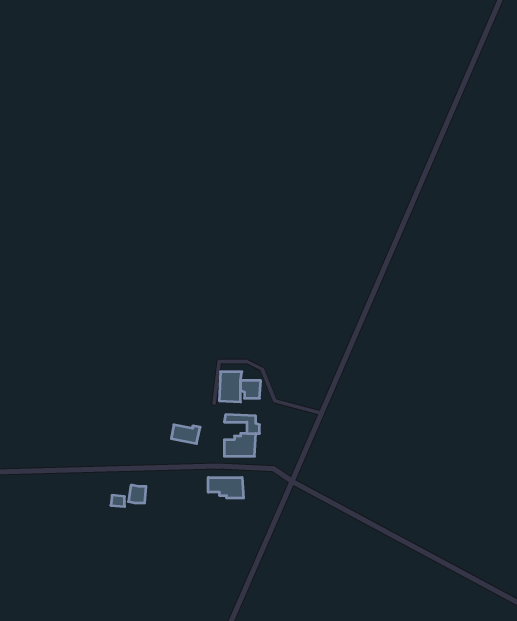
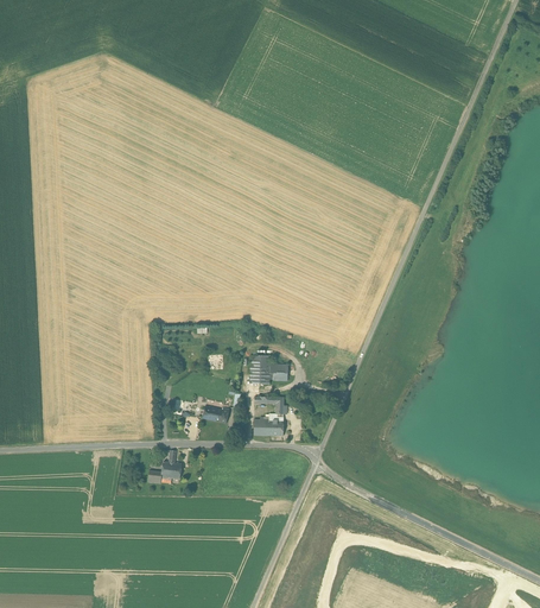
building: [208,477,244,498] -> none

